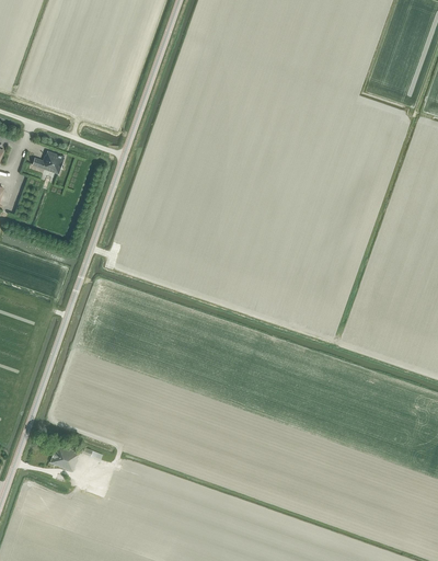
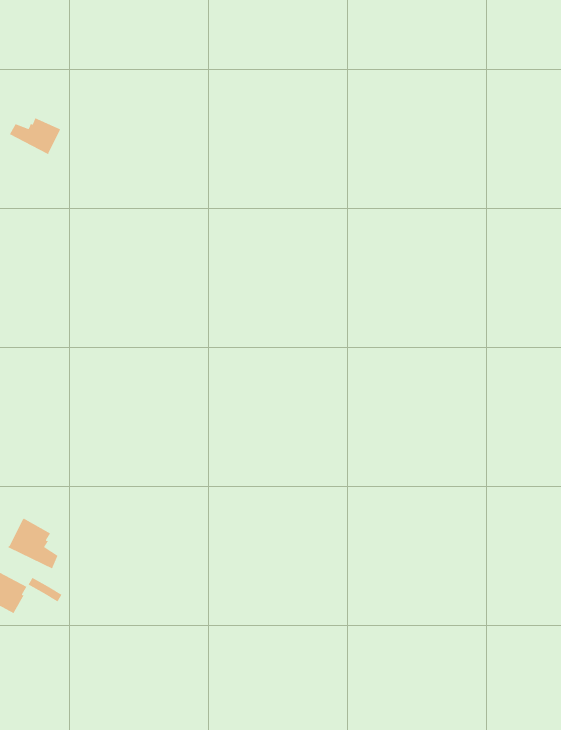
building: none -> [7,518,58,569]

